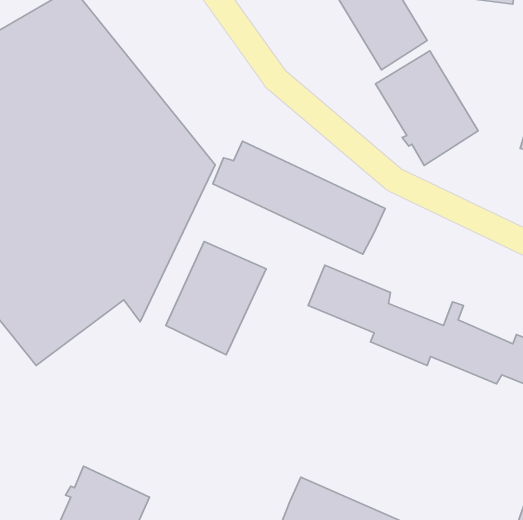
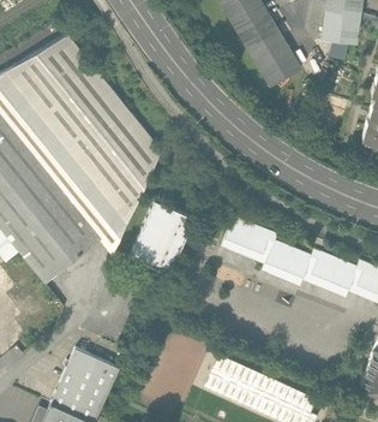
building: [375,51,478,166] -> none
building: [213,141,385,254] -> none

